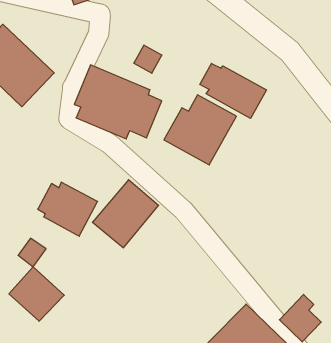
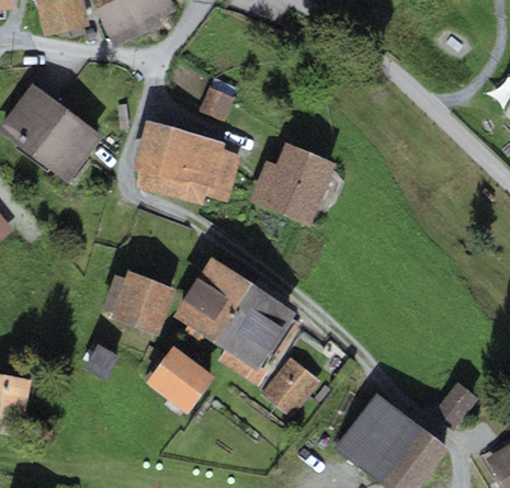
building: [200,63,267,118] -> none
building: none -> [215,284,295,386]
building: none -> [261,356,320,417]
building: [9,267,64,321] -> [146,344,215,411]

